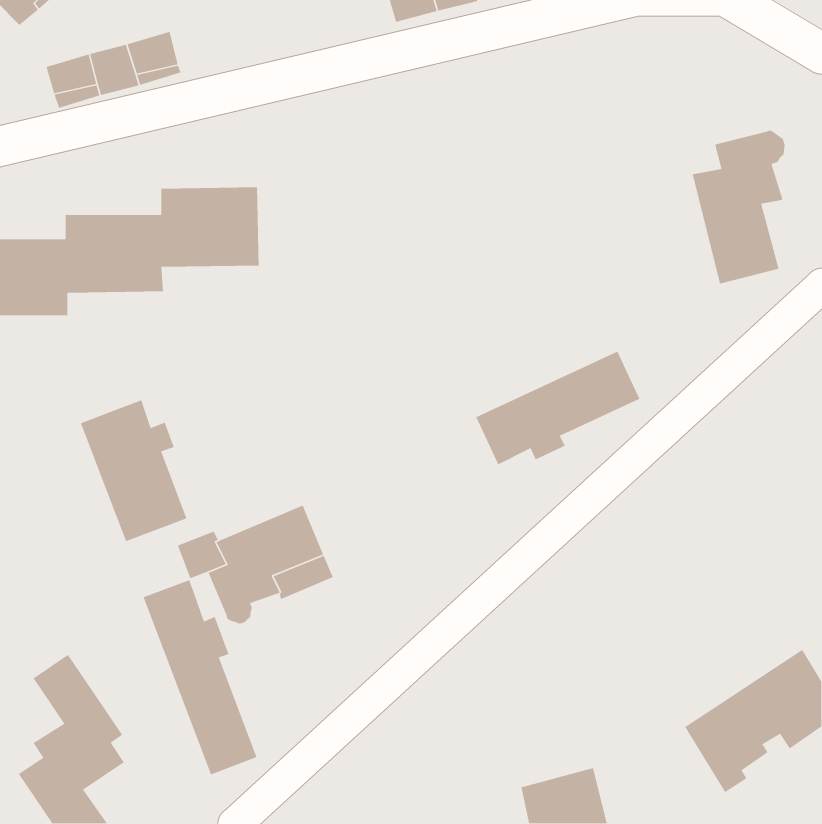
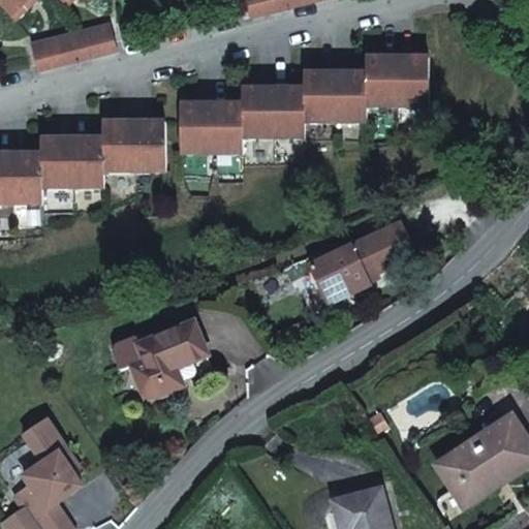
building: none -> [182,55,431,151]
building: [692,130,786,284] -> none
building: [80,399,187,542] -> none
building: [143,579,258,775] -> none

